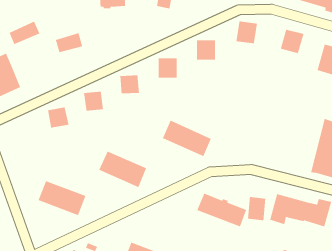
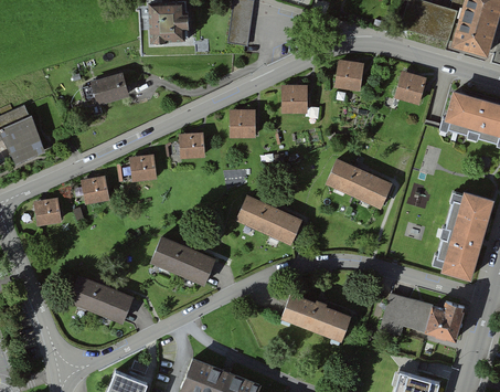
building: [9,21,41,45] -> none
building: none -> [325,158,392,209]
building: none -> [33,199,62,229]
building: [247,196,266,221] -> none

